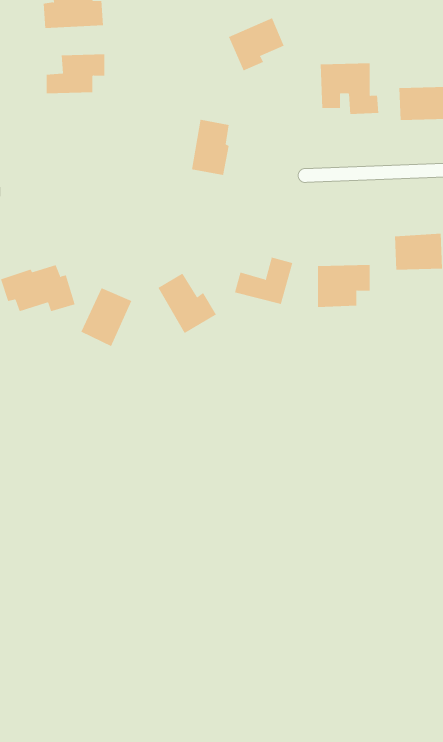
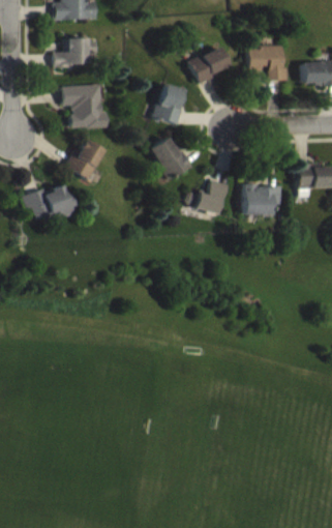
building: [228,18,284,71] -> [186,47,225,84]
building: none -> [62,85,107,128]
building: [158,273,217,334] -> [150,138,191,180]
building: [80,287,132,347] -> [66,139,102,180]

